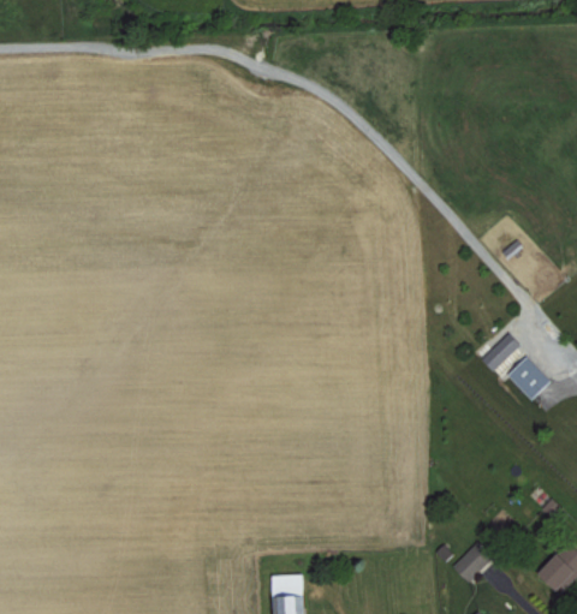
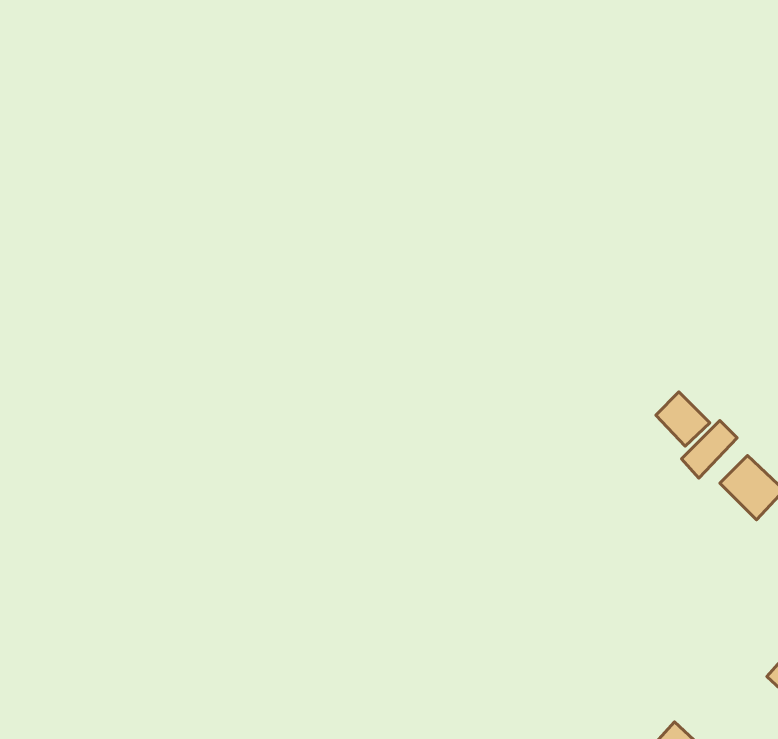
building: none -> [656,392,710,446]

